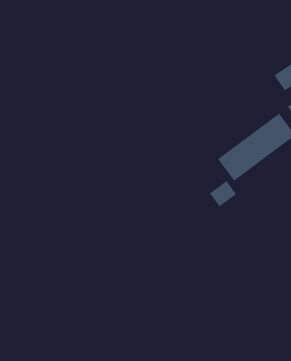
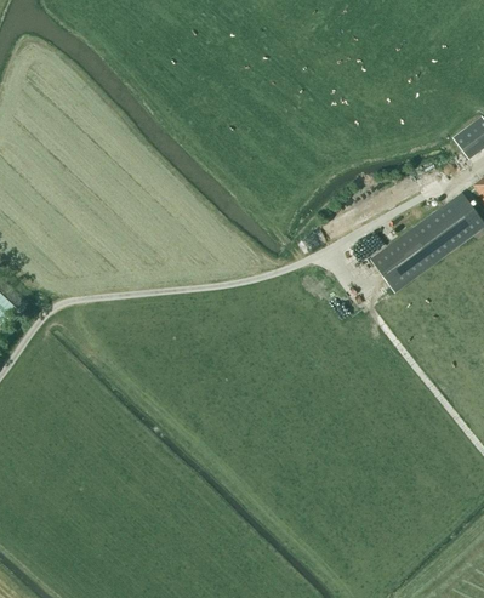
building: [209,180,237,207] -> none

